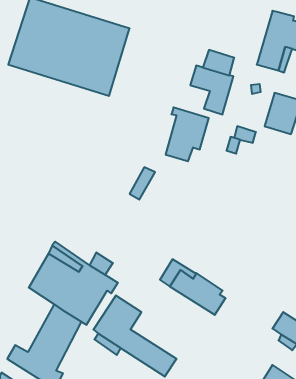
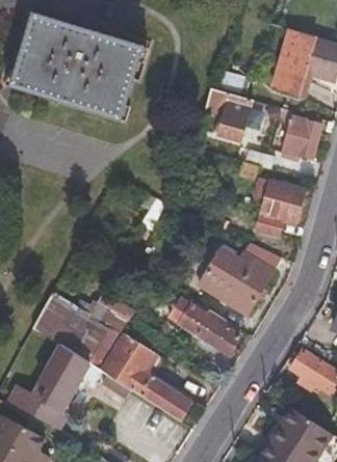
building: [166,107,209,161] -> [256,180,302,237]
building: none -> [199,244,280,318]

